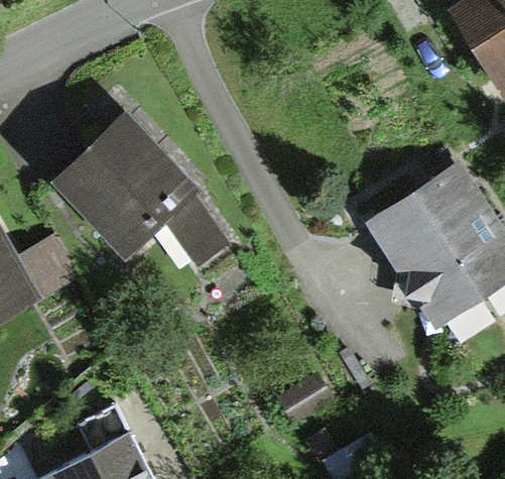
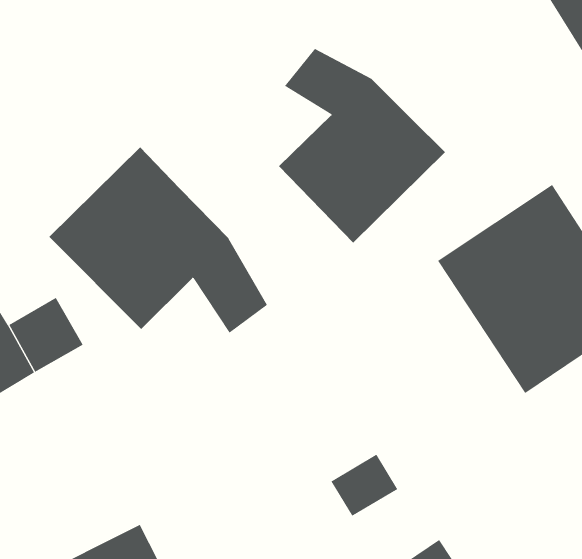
building: none -> [278,48,446,244]

